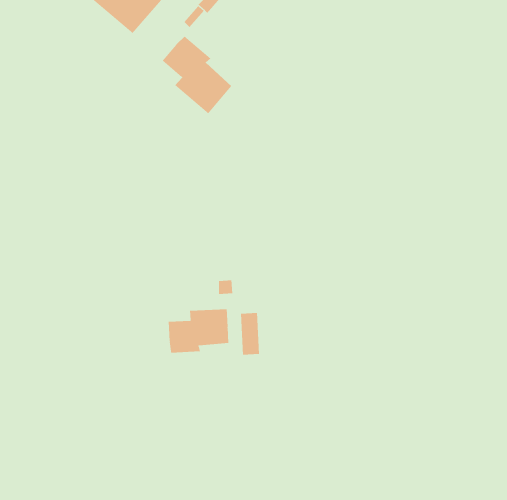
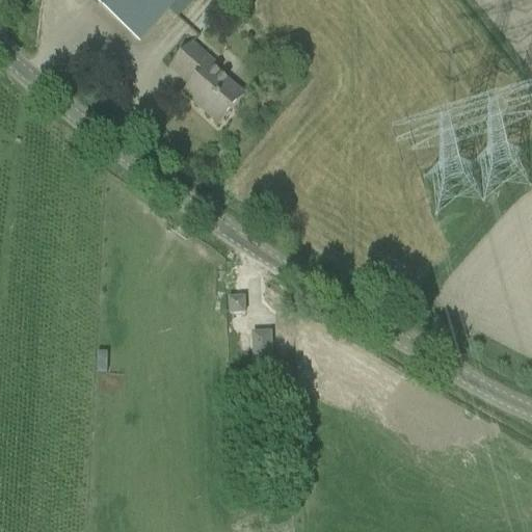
building: [168,308,229,353] -> none

